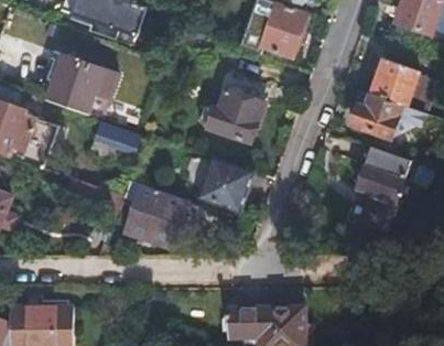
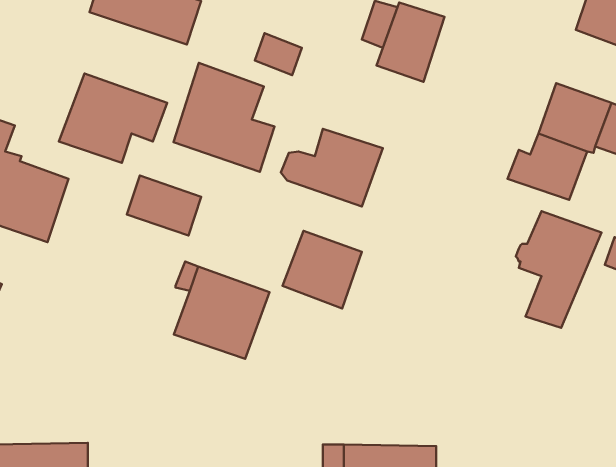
building: none -> [173,63,274,172]

